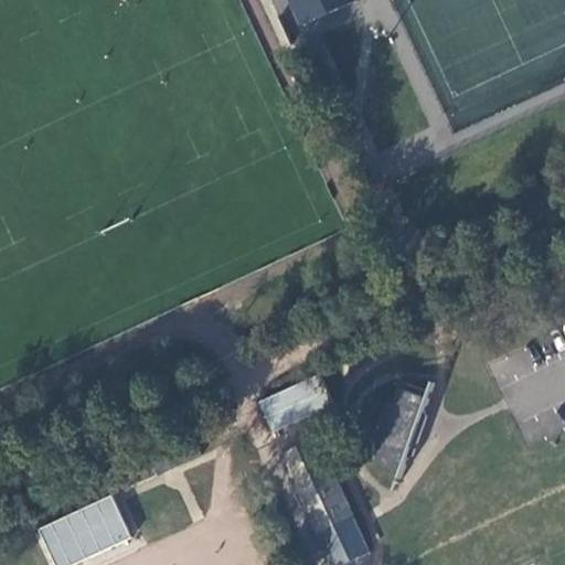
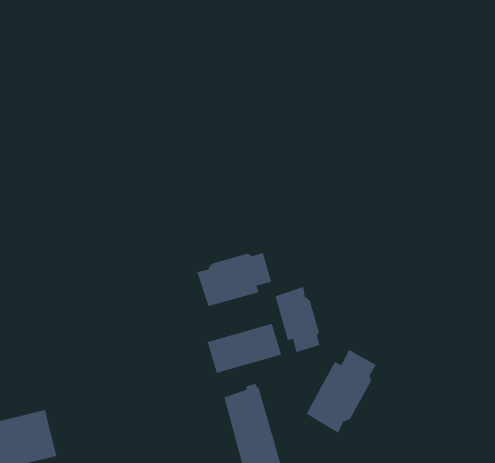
building: none -> [197,252,272,307]
building: none -> [275,286,320,353]

